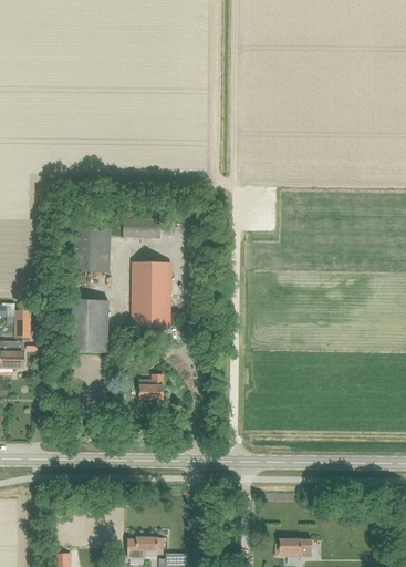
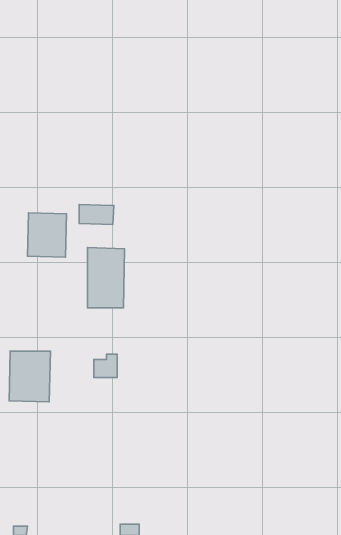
building: [66,300,110,353] -> [9,351,50,402]
building: [128,537,164,558] -> none
building: [275,539,312,557] -> none

